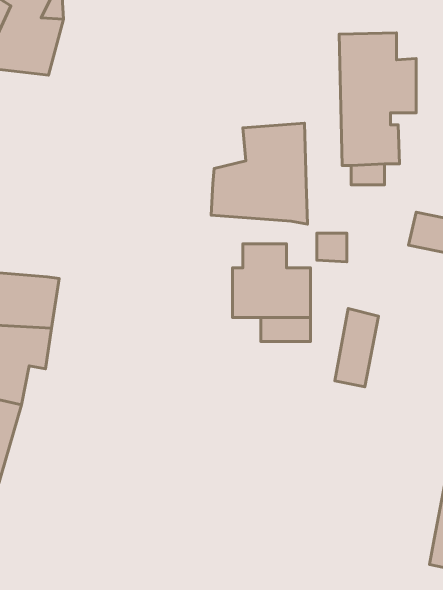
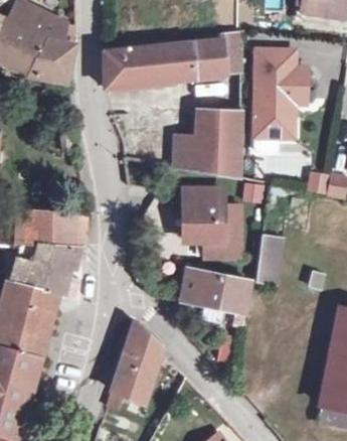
building: none -> [106,34,237,92]
building: none -> [178,271,250,317]
building: none -> [103,326,154,408]

